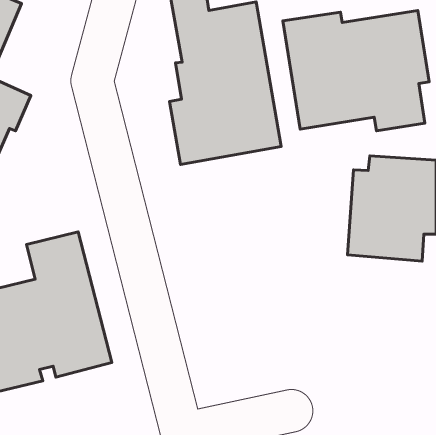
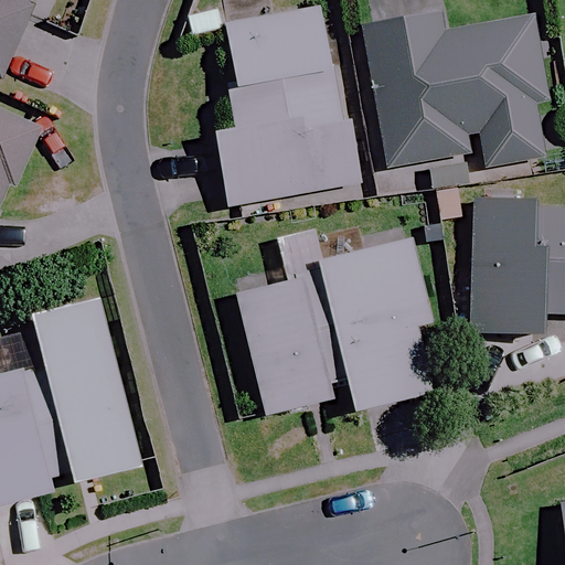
building: none -> [236,237,430,411]

